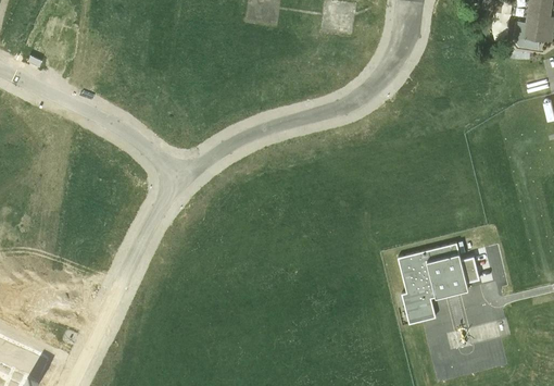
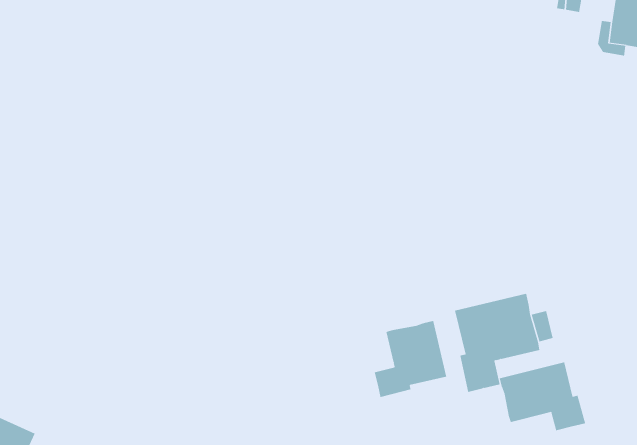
building: none -> [374,320,447,398]
building: none -> [499,362,586,431]

